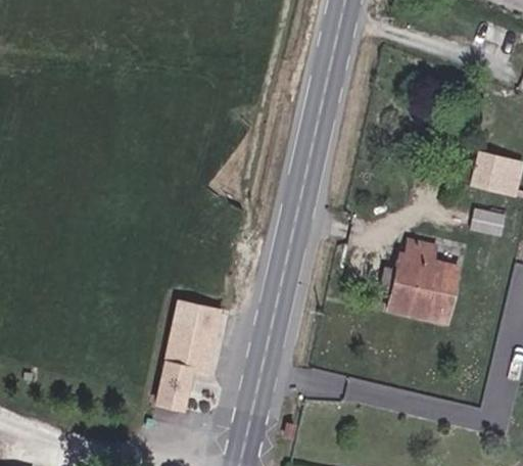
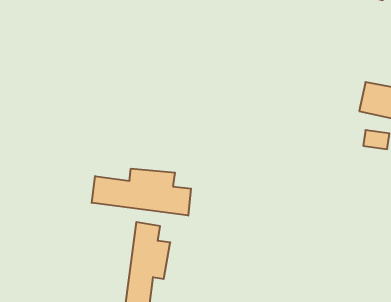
building: none -> [92,169,191,216]
building: [389,241,458,323] -> none

